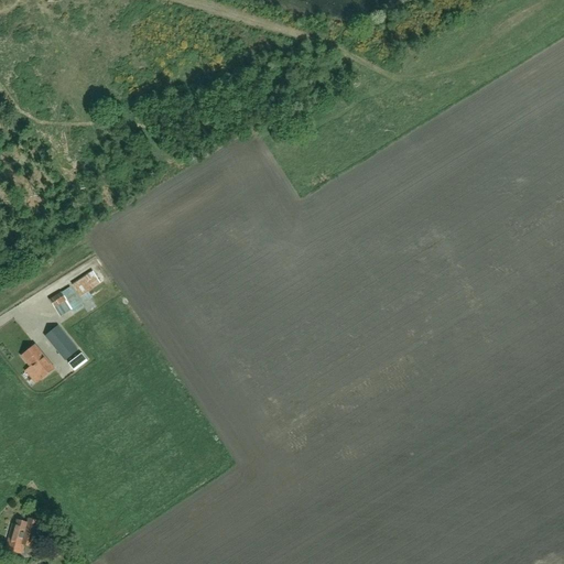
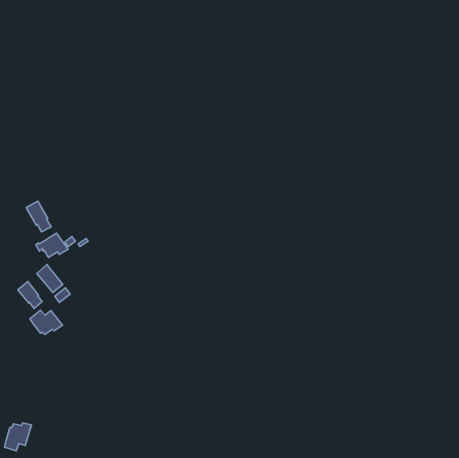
building: none -> [26,201,51,232]
building: none -> [30,310,63,335]

